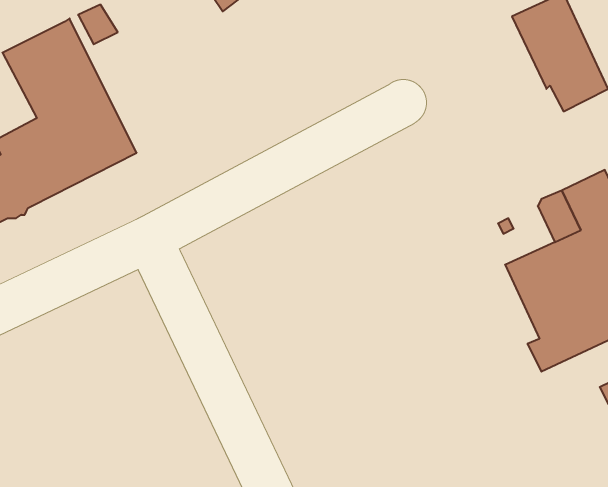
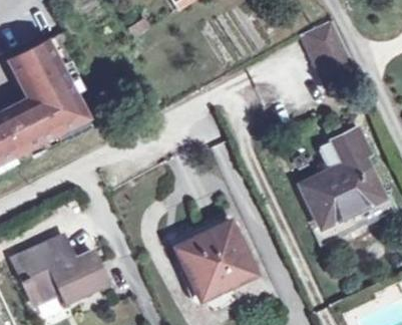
building: none -> [175,213,252,296]
building: none -> [17,235,107,303]

